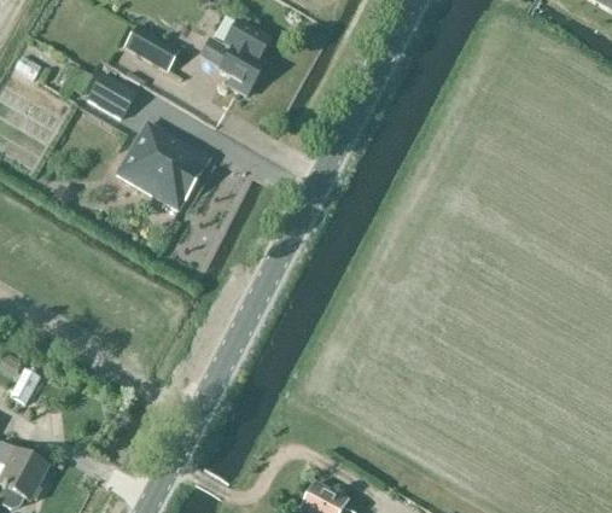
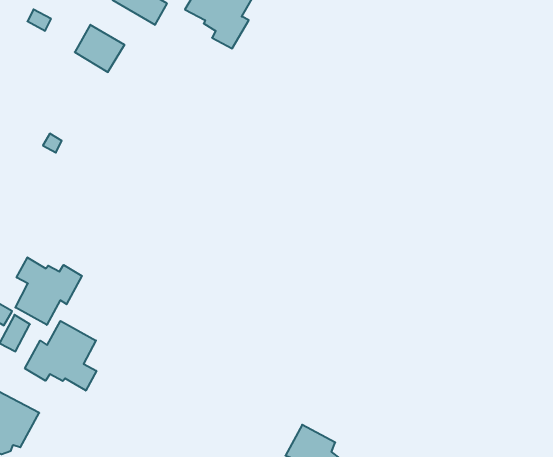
building: [116,122,209,210] -> none
building: none -> [15,257,82,325]
building: none -> [25,321,96,391]

